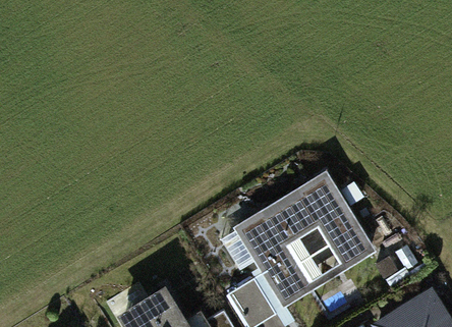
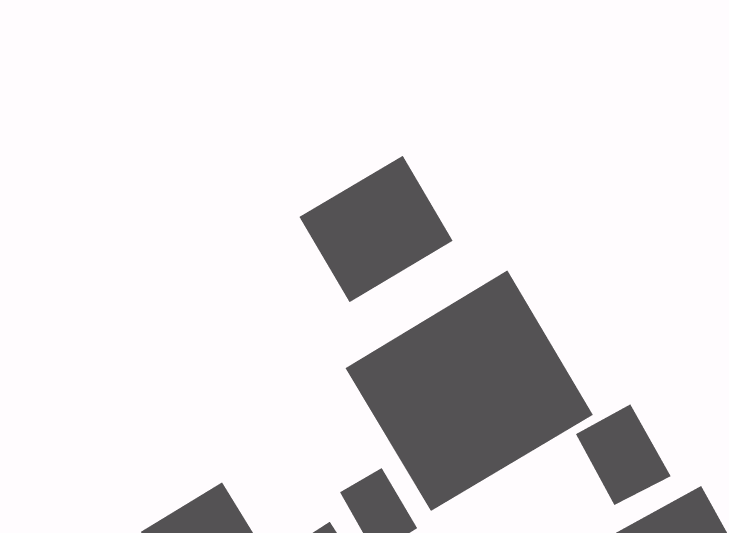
building: none -> [299,155,454,303]
building: none -> [575,403,671,506]

